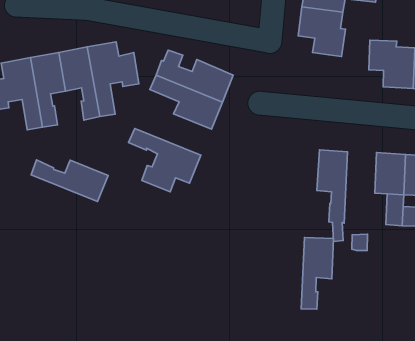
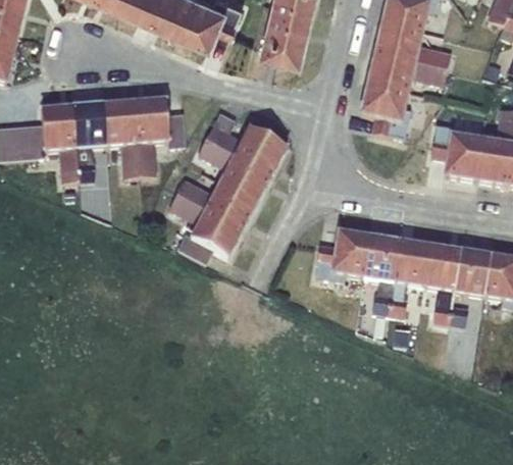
building: none -> [314,229,369,281]
building: [31,160,108,202] -> [175,176,257,227]
building: [301,237,333,309] -> [388,240,429,317]

